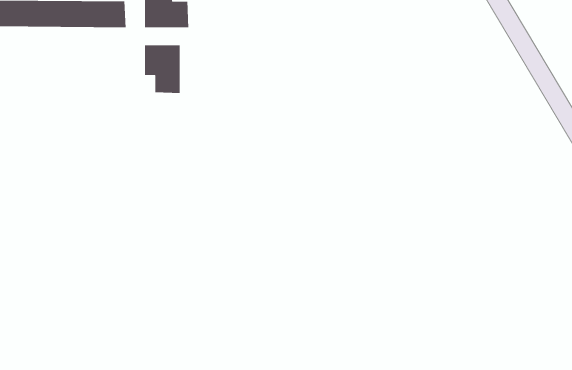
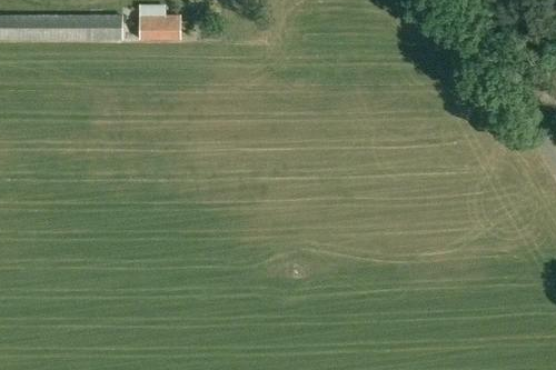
building: [144,44,180,94] -> none

